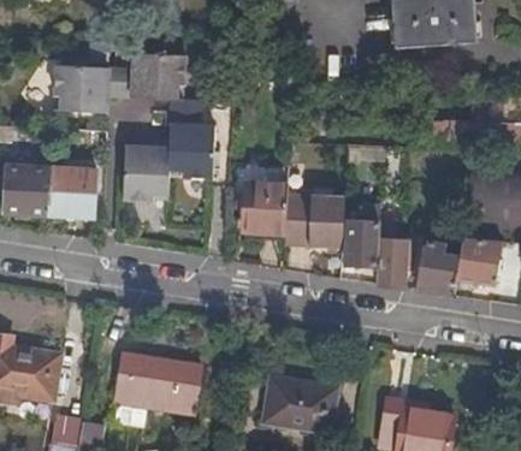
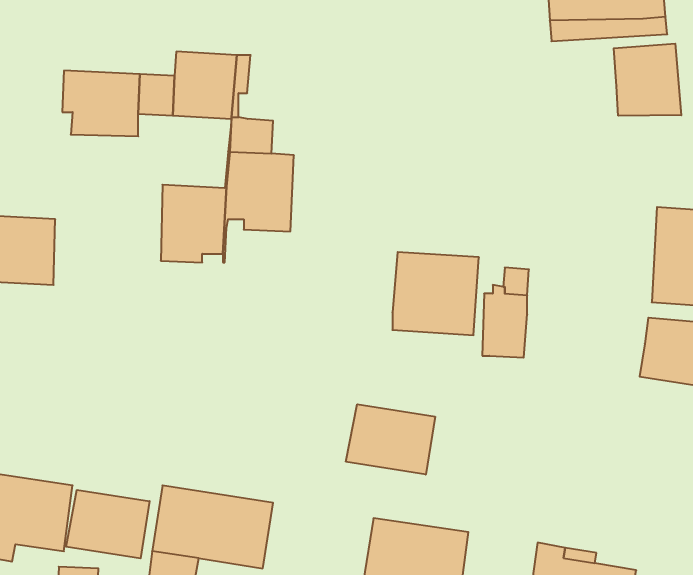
building: none -> [614,44,681,116]
building: [48,168,95,216] -> none
building: [242,184,288,233] -> none
building: [375,235,414,287] -> none
building: [415,241,460,296] -> none
building: none -> [346,404,435,475]
building: none -> [66,490,150,558]

